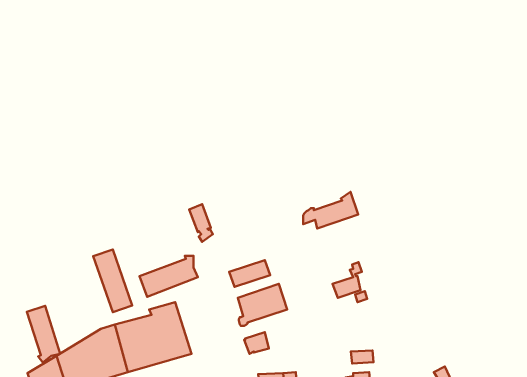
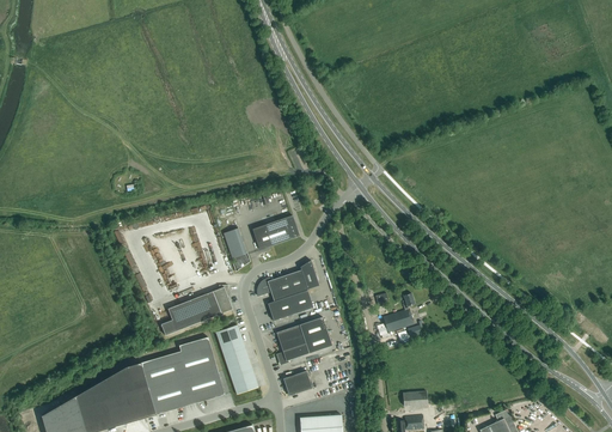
building: [303,192,358,229] -> [257,261,318,302]
building: none -> [251,217,299,250]
building: [93,250,132,312] -> [215,325,258,395]
building: [27,306,60,363] -> none

